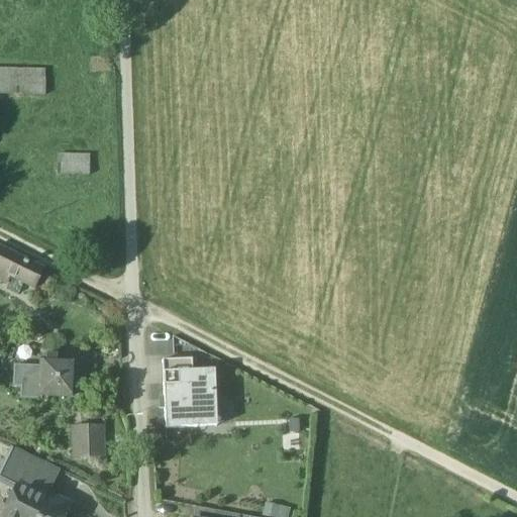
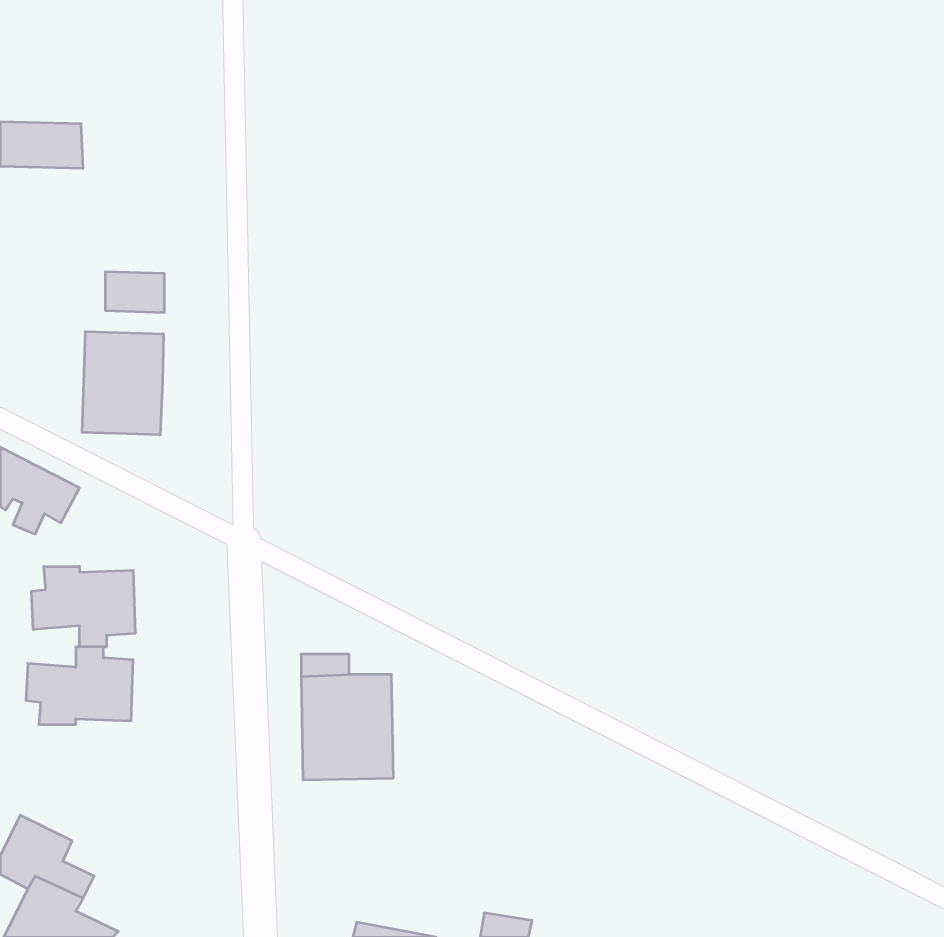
building: none -> [82,331,163,435]
building: none -> [31,566,135,647]
building: [73,425,102,454] -> none

